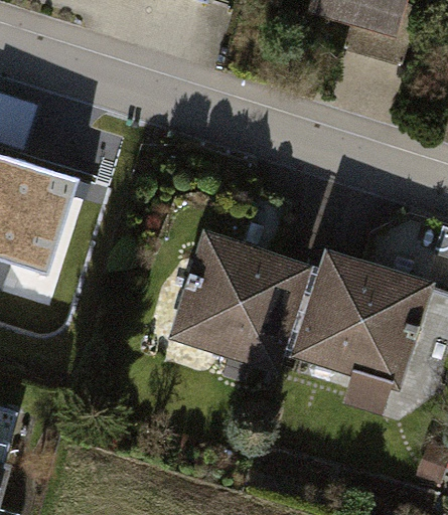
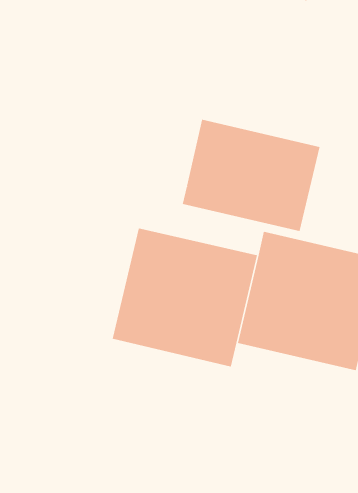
building: none -> [182,119,320,232]

